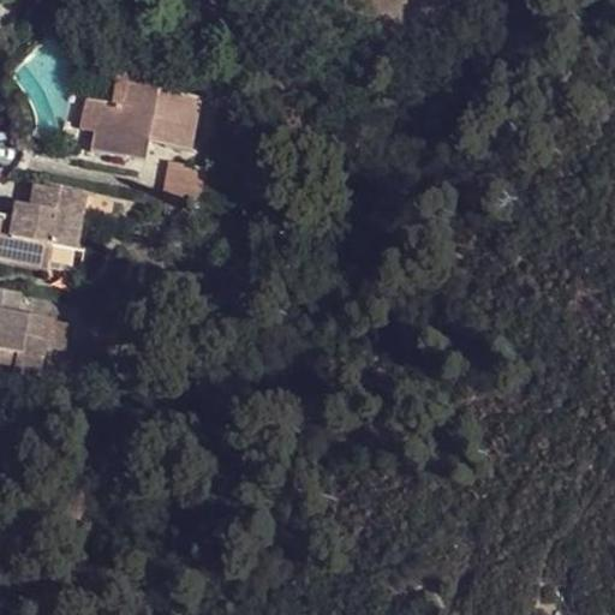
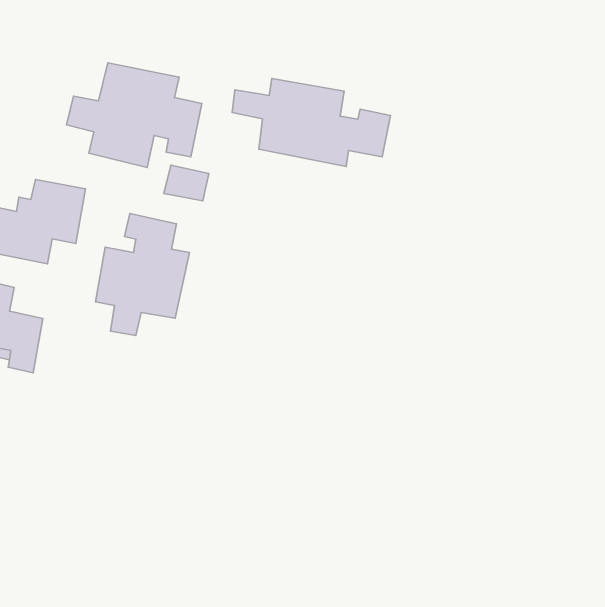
building: none -> [232,79,391,167]
building: none -> [96,213,189,336]

